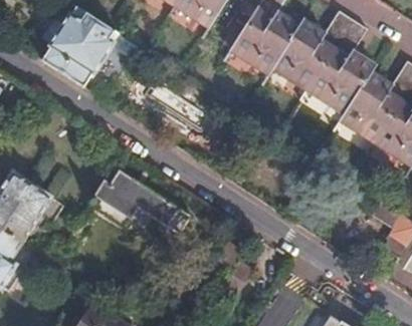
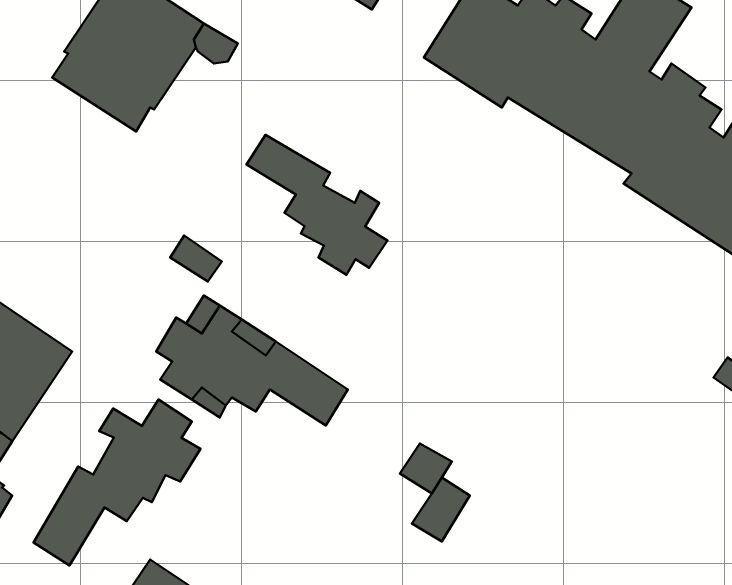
building: none -> [247,135,387,275]
building: none -> [33,400,200,565]

